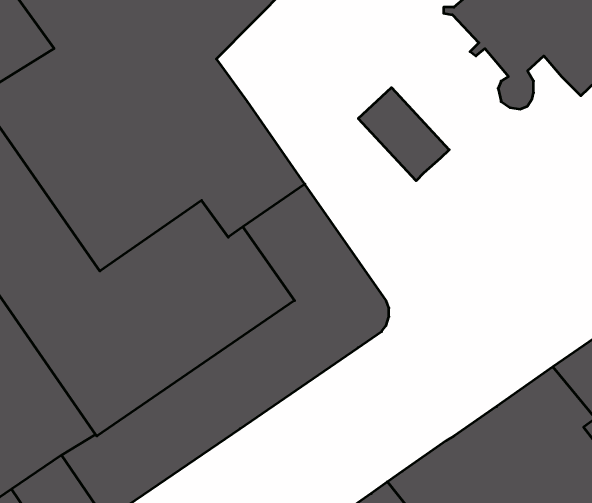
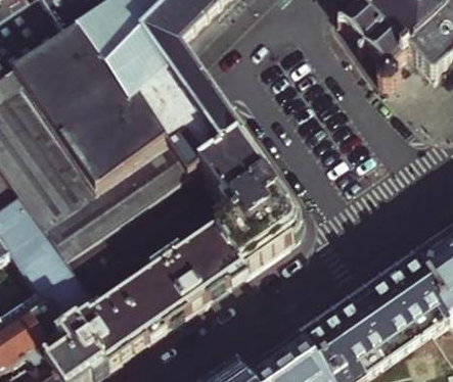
building: [358,88,449,181] -> none

